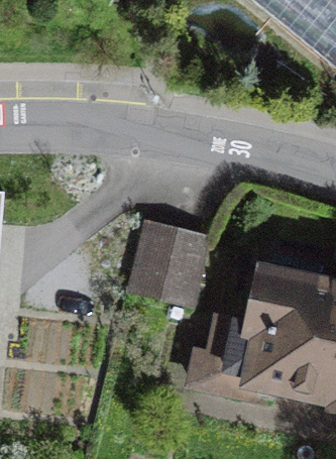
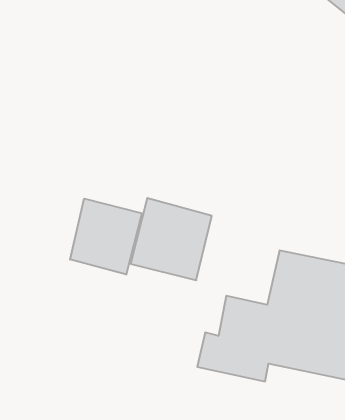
building: none -> [70,199,142,275]

